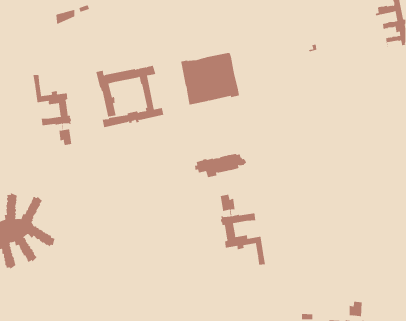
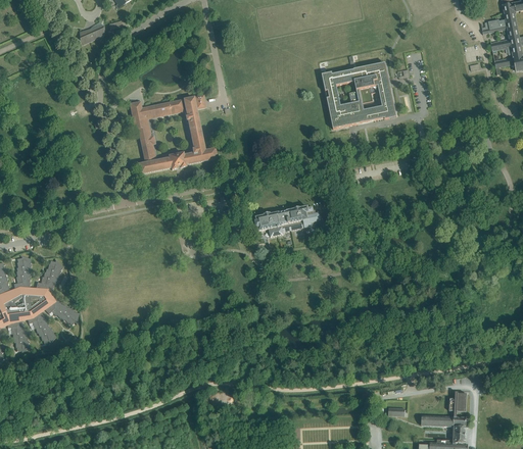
building: [180,52,240,105] -> [322,62,397,129]
building: [33,74,72,146] -> none
building: [220,194,266,266] -> none

